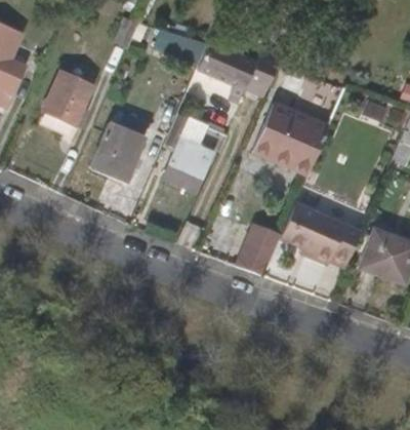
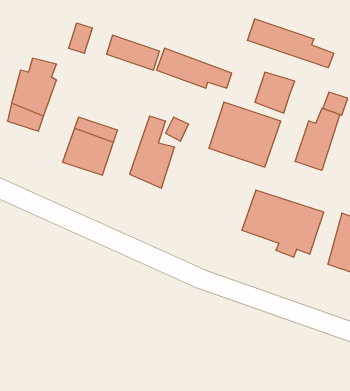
building: none -> [247,19,334,68]
building: none -> [295,108,340,170]
building: [235,220,282,275] -> none

